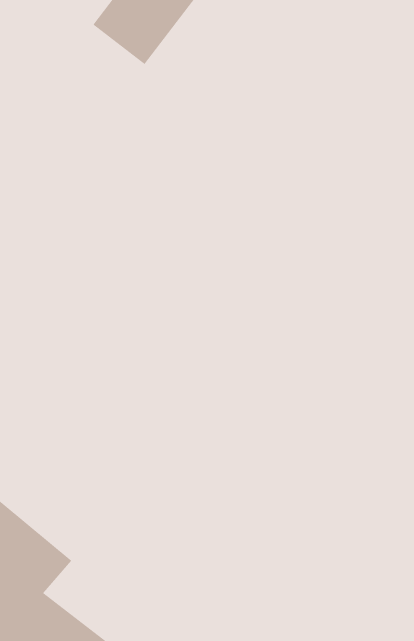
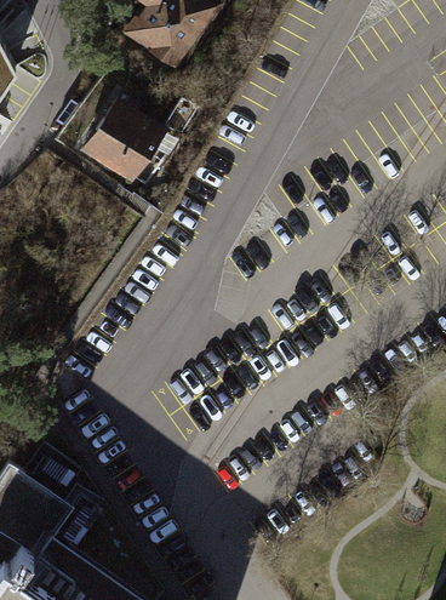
building: none -> [81,101,168,188]

